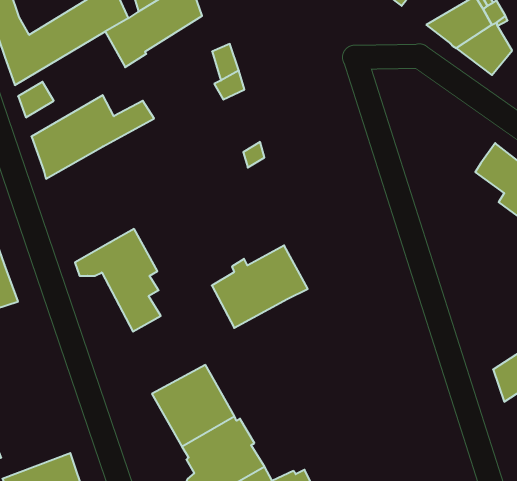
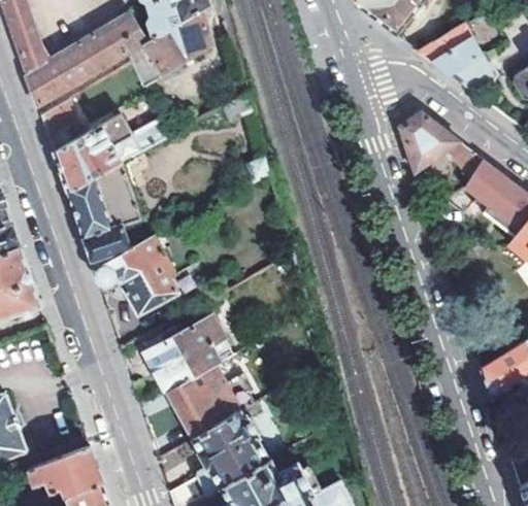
building: none -> [398,112,482,178]
building: none -> [66,163,138,270]
building: [212,245,308,328] -> [143,315,232,392]

